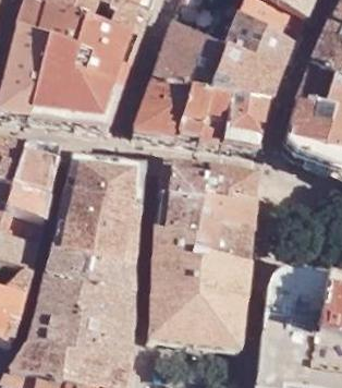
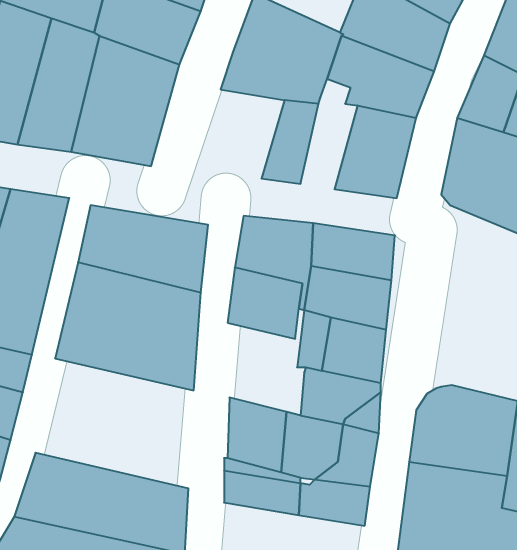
building: [135,83,191,137] -> none
building: [200,88,235,144] -> none
building: [152,226,203,282] -> none
building: [38,247,135,327] -> none

